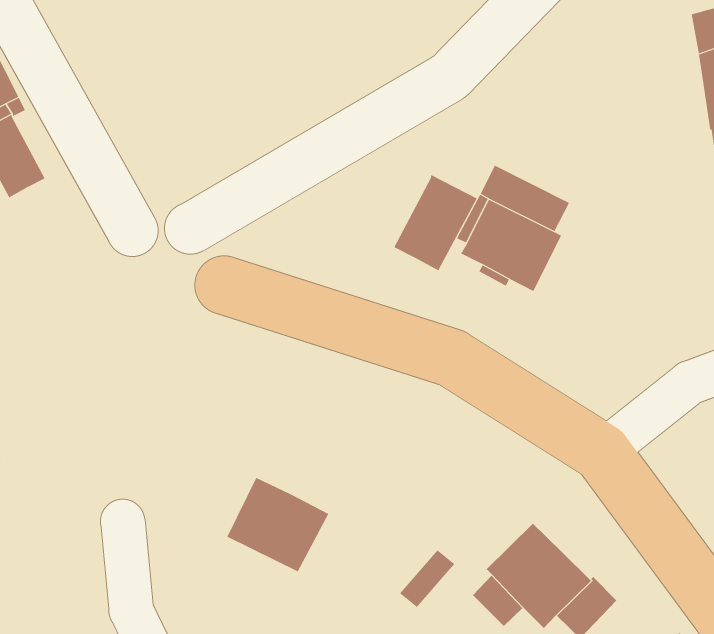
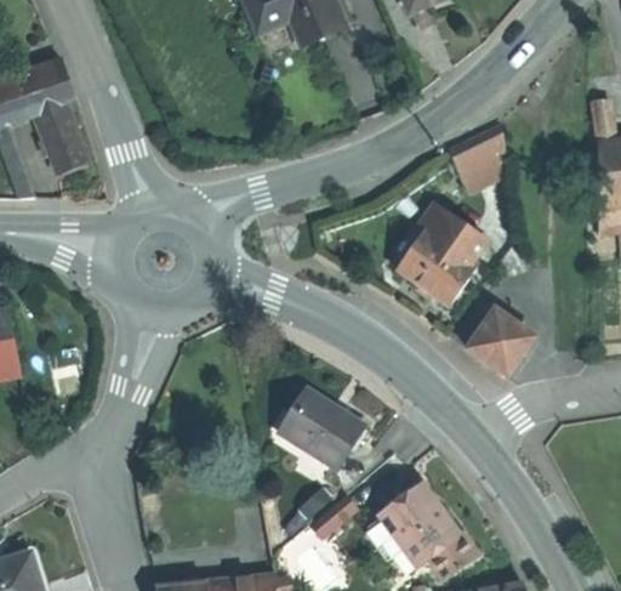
building: none -> [449,126,505,187]
building: [393,174,478,271] -> none
building: none -> [465,307,532,375]
building: [227,477,329,572] -> [279,391,360,468]

